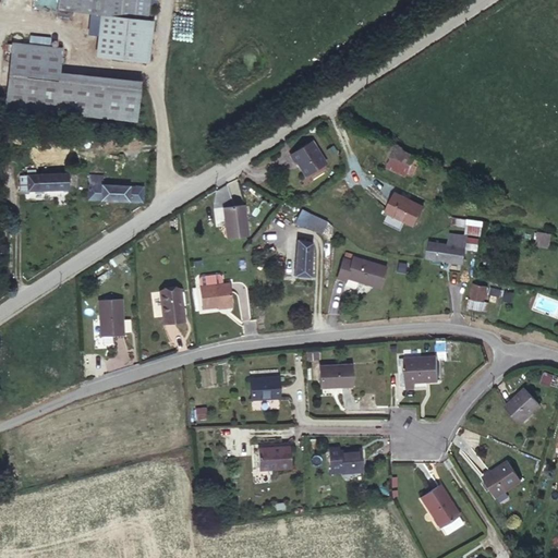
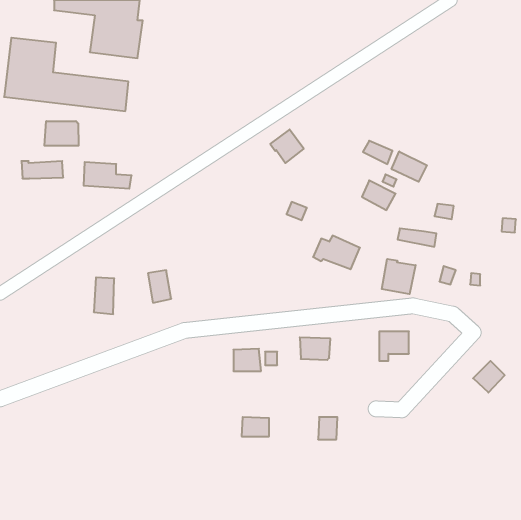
building: none -> [44,121,79,146]
building: none -> [392,151,427,182]
building: [225,205,250,238] -> none
building: [293,239,313,277] -> none
building: none -> [382,259,416,294]
building: [198,279,231,313] -> none
building: [486,461,520,493] -> none
building: [423,480,460,521] -> none

